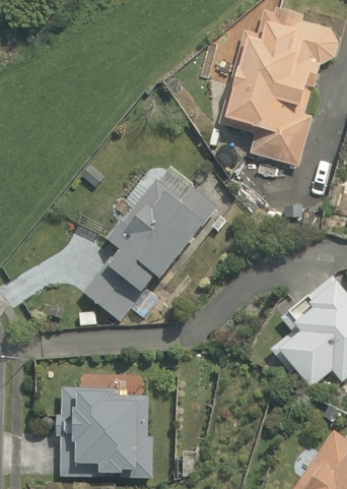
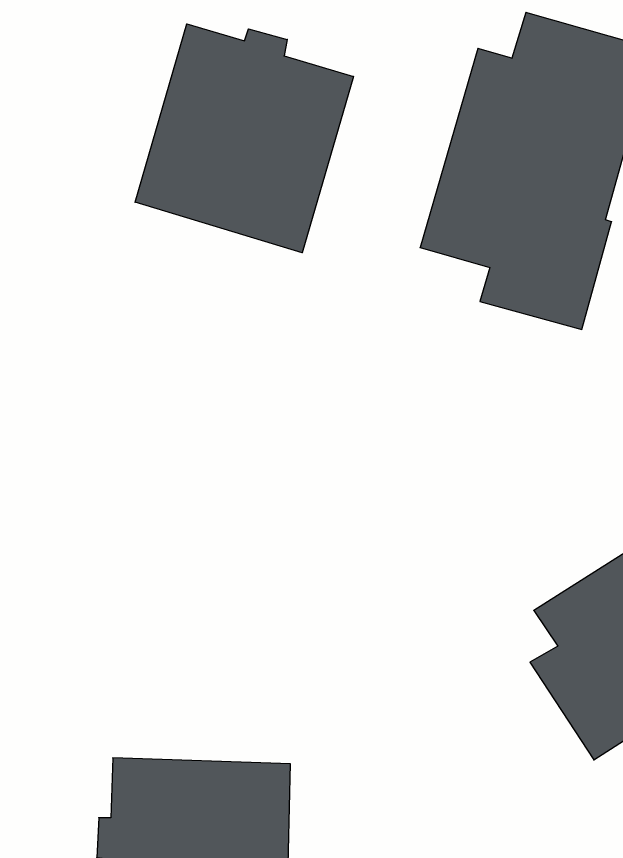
building: none -> [135,24,353,253]
building: [82,169,220,320] -> none

